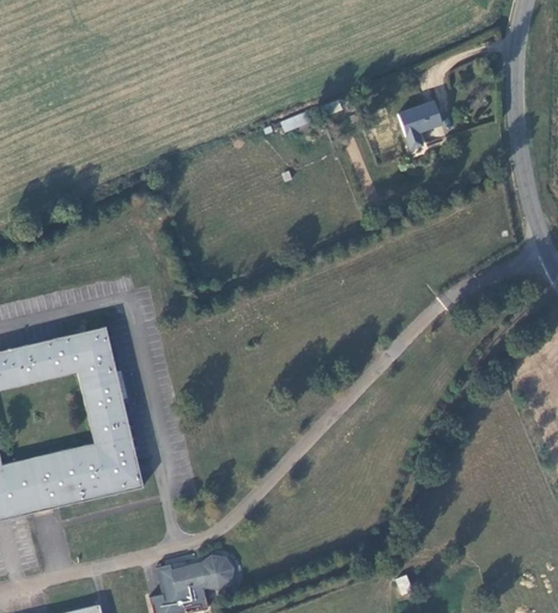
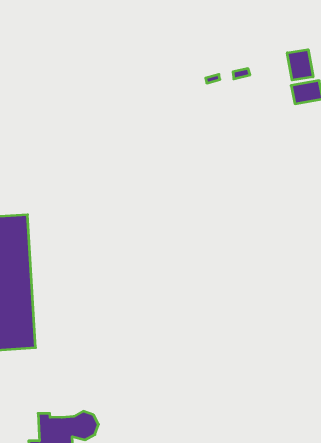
building: none -> [287,50,313,80]

